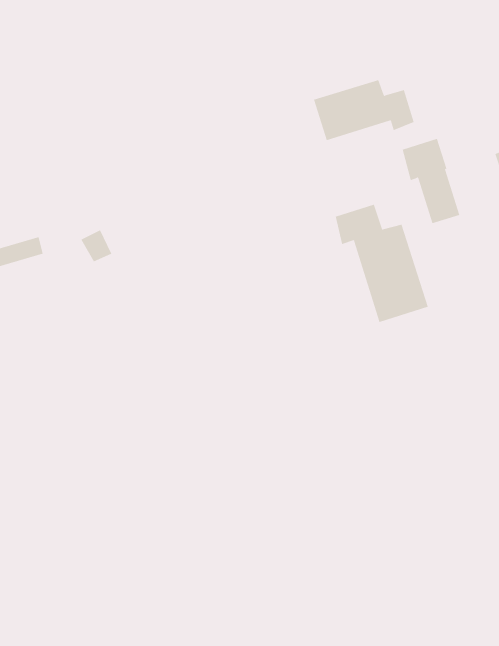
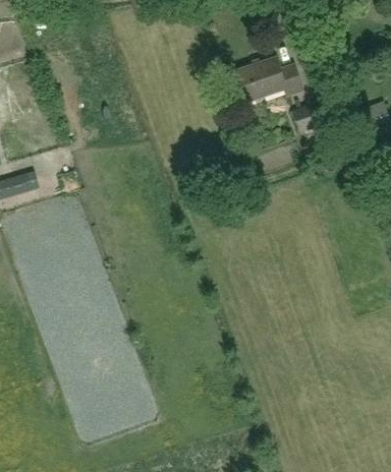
building: [335,204,428,323] -> none

